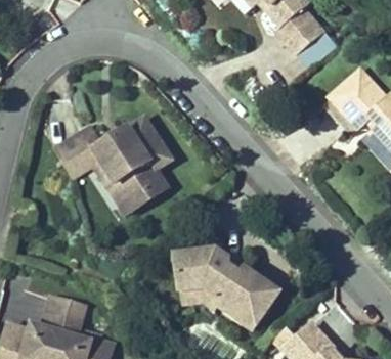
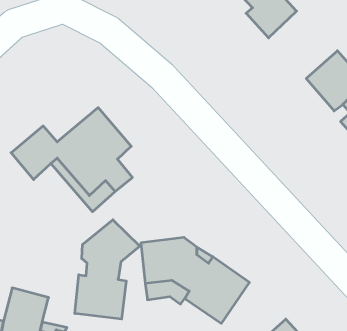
building: none -> [75,220,140,319]

